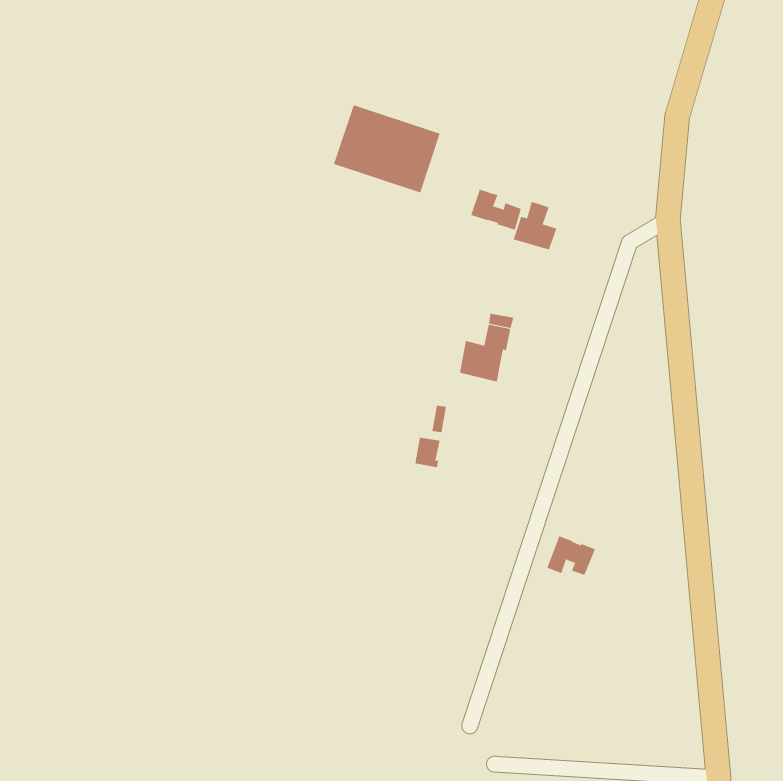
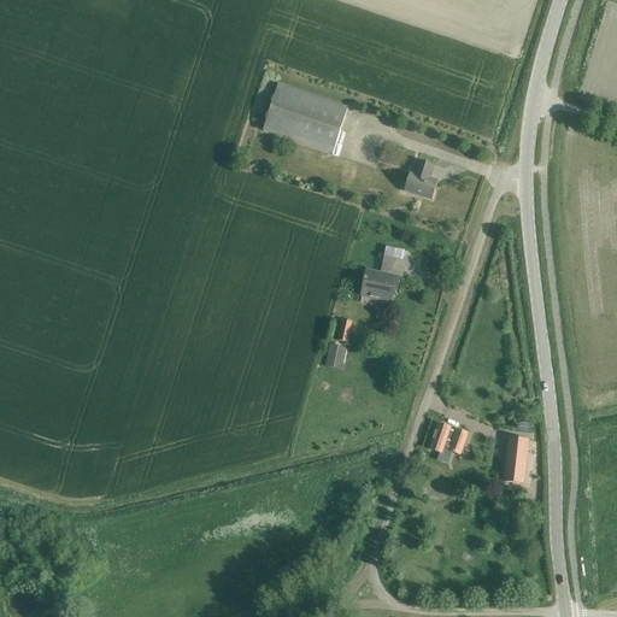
building: [471,189,522,230] -> none
building: none -> [504,436,527,482]

